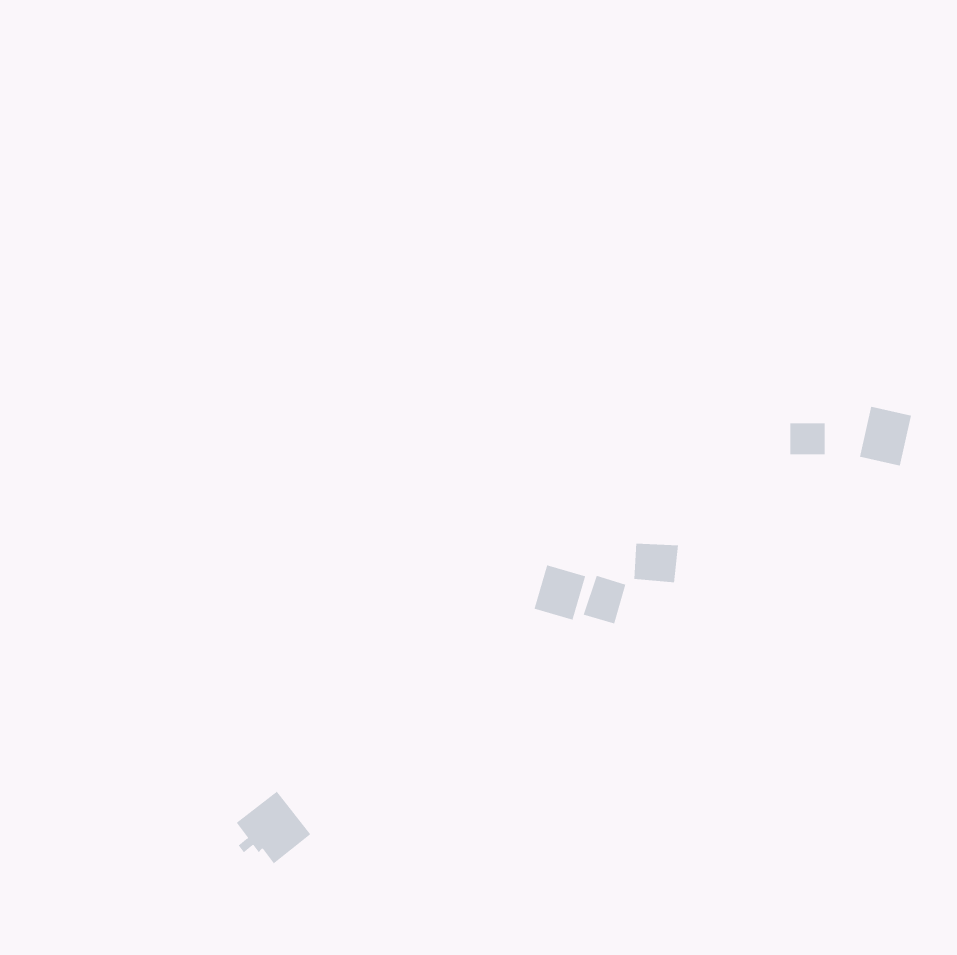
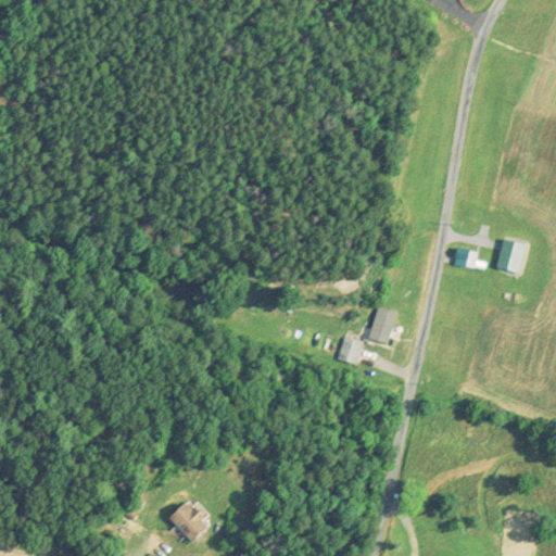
building: [534,564,586,620] -> none
building: [236,791,311,864] -> [172,500,215,542]

